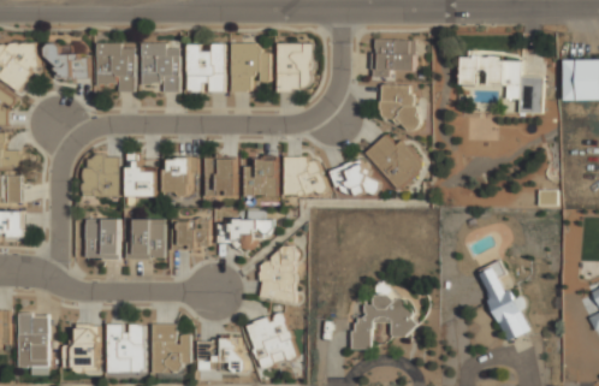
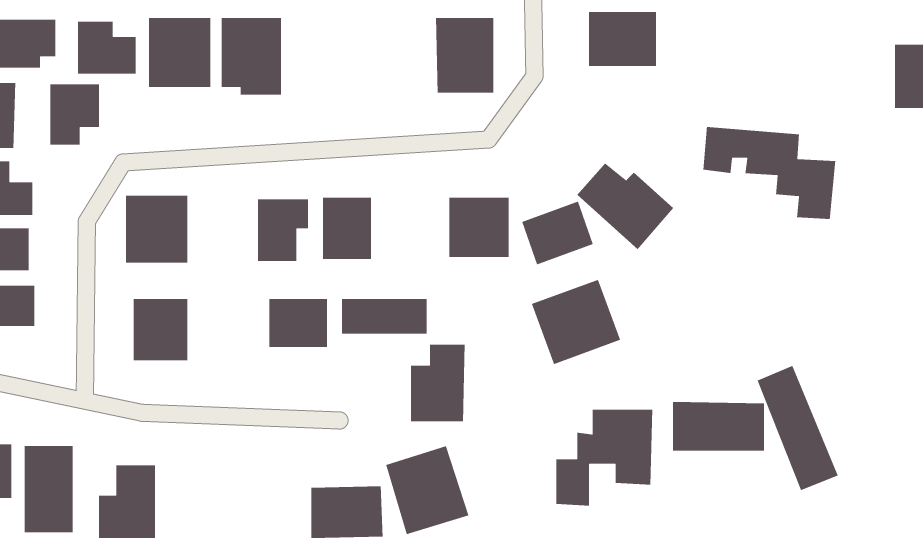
building: [186,43,225,93] -> none
building: [231,43,268,91] -> none
building: [461,55,545,114] -> [702,126,836,220]
building: none -> [50,84,100,145]
building: [379,85,415,124] -> none
building: [125,154,158,198] -> none
building: [243,155,277,196] -> none
building: none -> [531,279,621,365]
building: [126,220,165,260] -> none
building: none -> [672,401,765,452]
building: [107,323,144,373] -> none
building: [152,323,189,373] -> none

